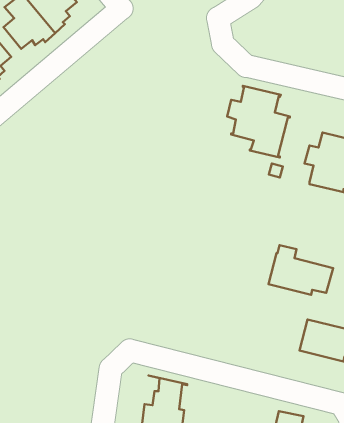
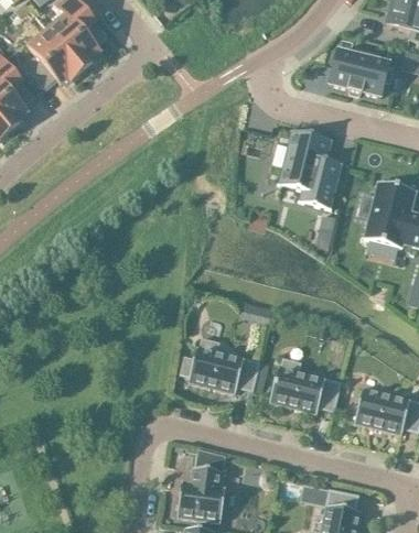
building: none -> [330,48,393,96]
building: [269,245,333,295] -> [270,358,342,413]
building: none -> [180,336,260,393]

